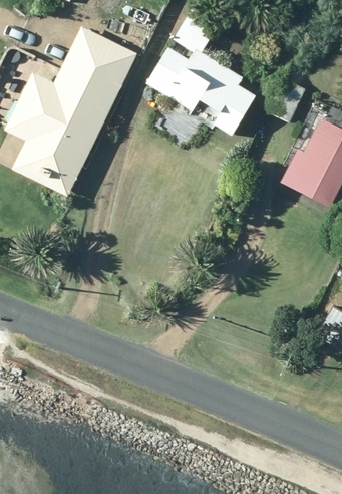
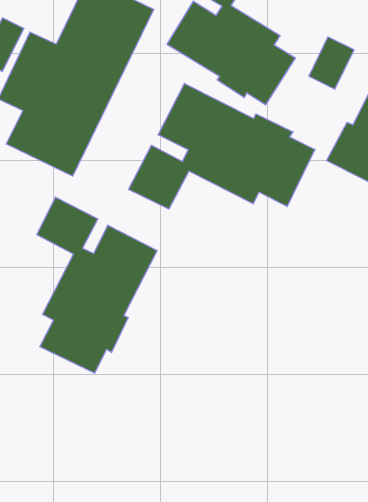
building: none -> [129,83,315,209]
building: none -> [37,197,157,373]

